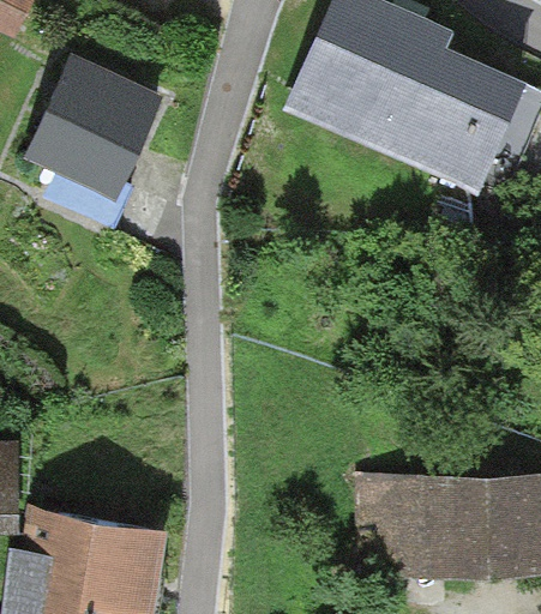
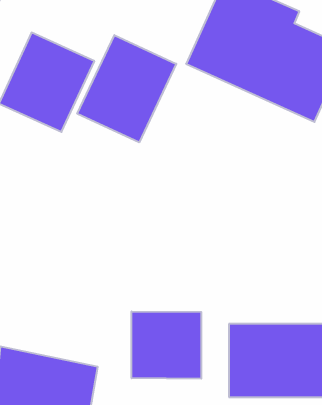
building: none -> [77,35,176,142]
building: none -> [132,311,201,379]

